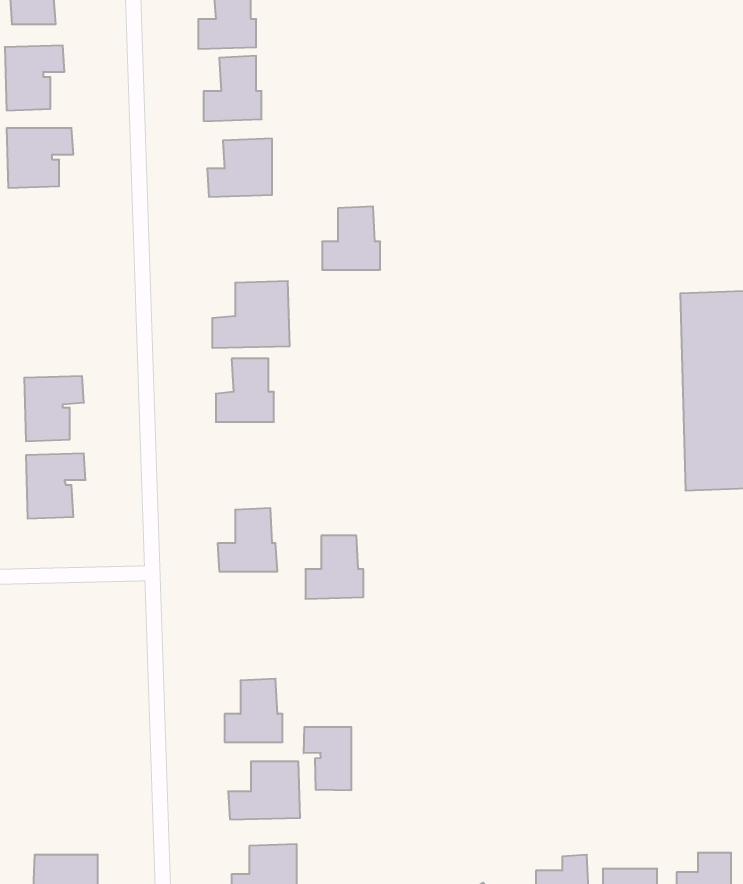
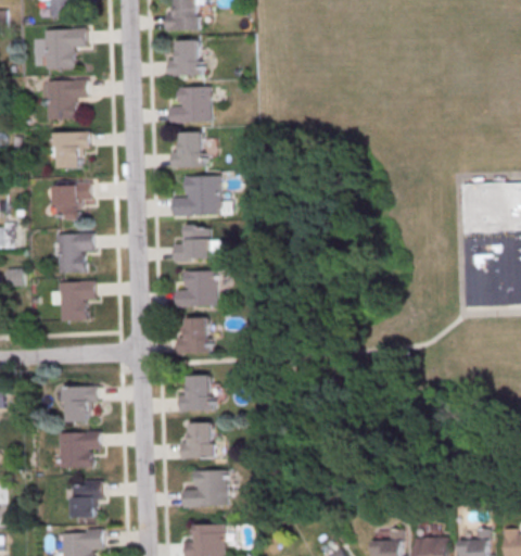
building: [322,206,380,270] -> [170,129,206,168]
building: none -> [55,131,88,166]
building: none -> [54,185,88,218]
building: none -> [175,269,216,305]
building: [305,536,363,599] -> [178,374,214,413]
building: none -> [64,386,97,421]
building: none -> [60,431,99,466]
building: [304,727,351,790] -> none
building: none -> [69,482,102,519]

